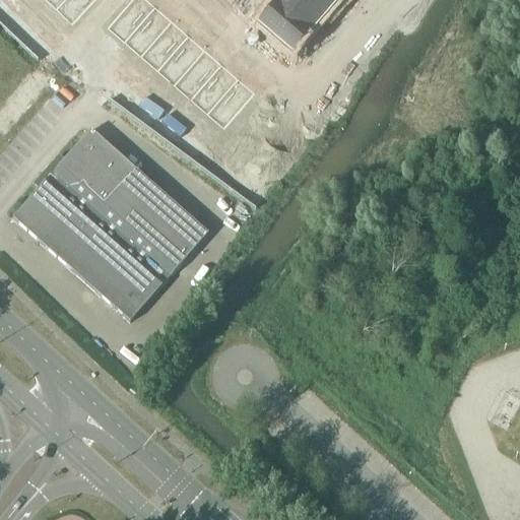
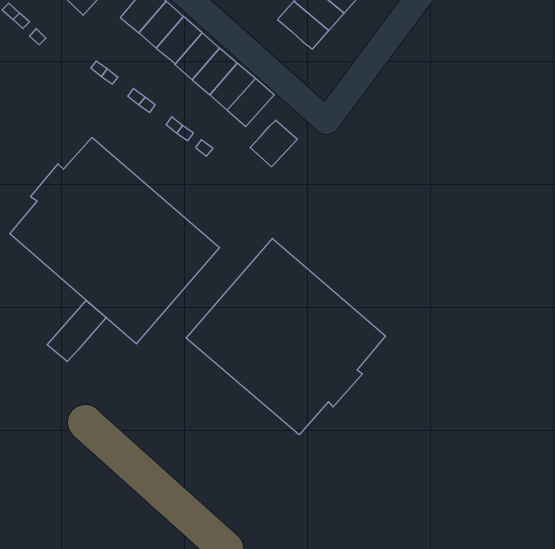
building: none -> [250,120,297,167]
building: none -> [186,238,385,435]
building: none -> [47,301,106,362]

